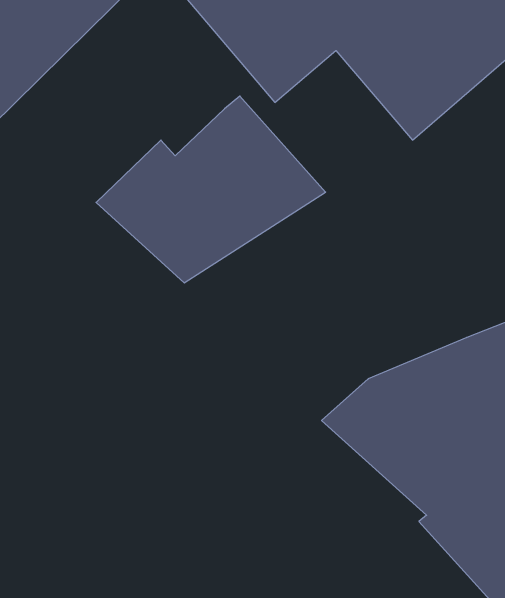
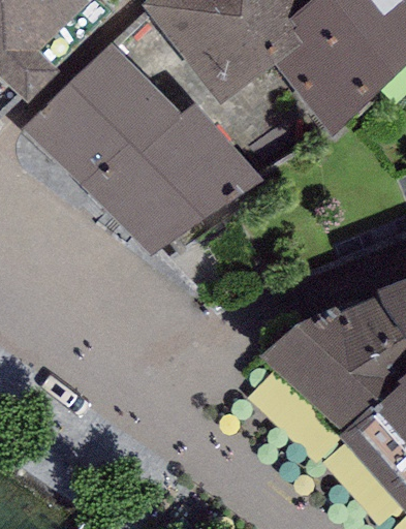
building: none -> [24,38,182,183]

